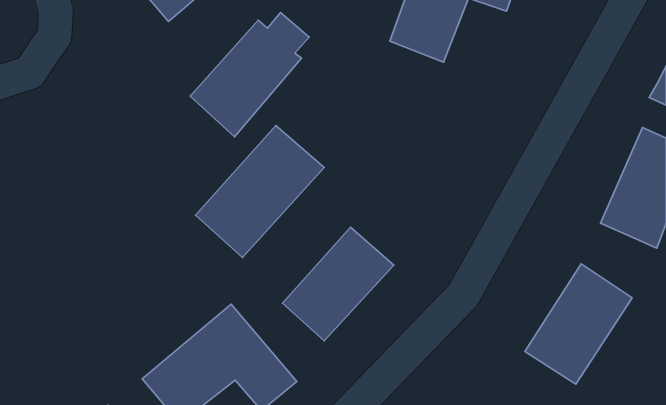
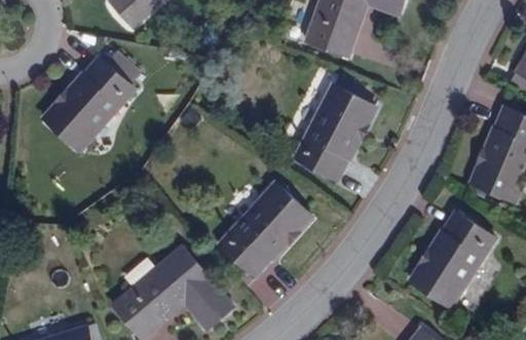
building: [190,12,309,137] -> [43,52,137,150]
building: none -> [295,85,374,180]
building: [196,125,324,258] -> none

